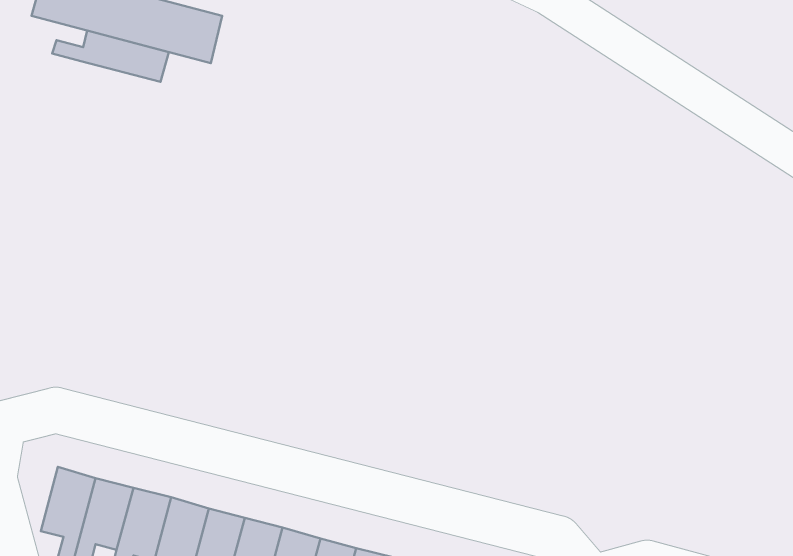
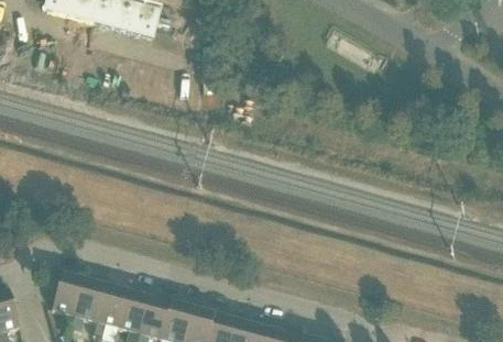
building: [52,31,169,82] -> none

